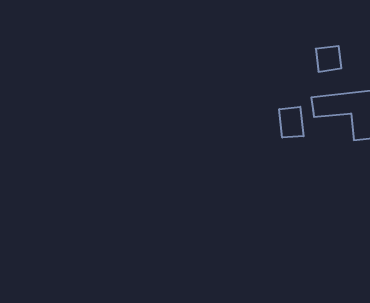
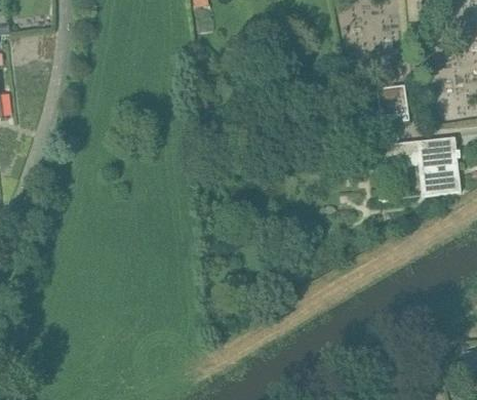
building: [279,107,304,138] -> none

